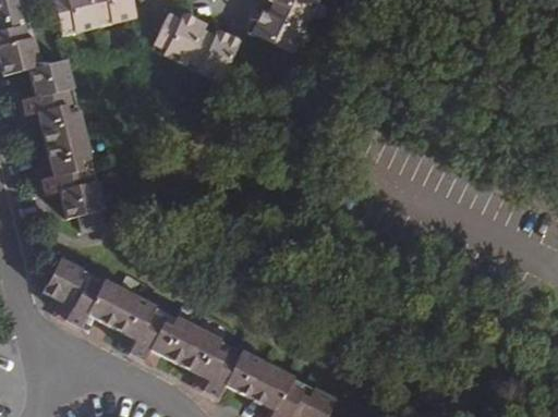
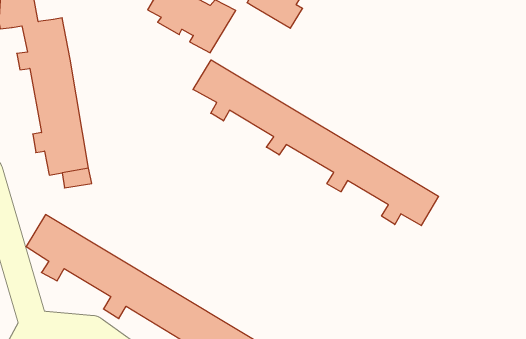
building: none -> [193,60,439,226]

